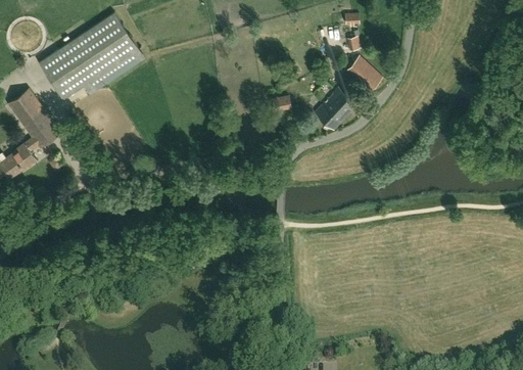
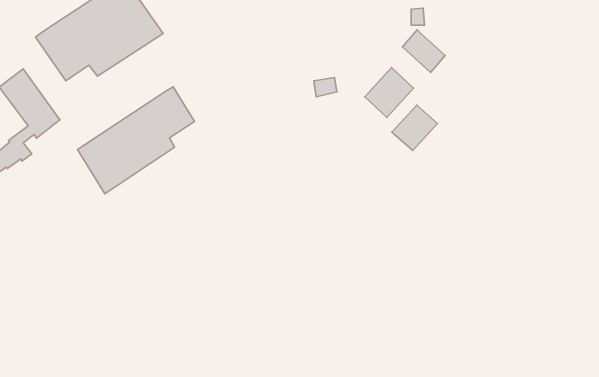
building: none -> [78,87,195,194]
building: none -> [392,105,438,151]

